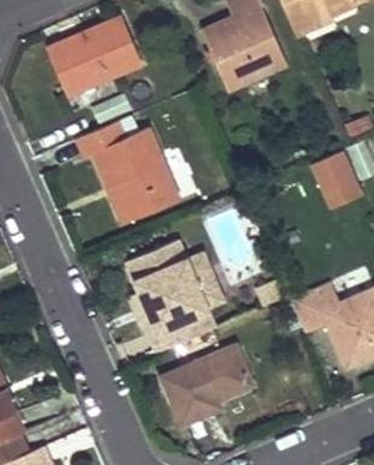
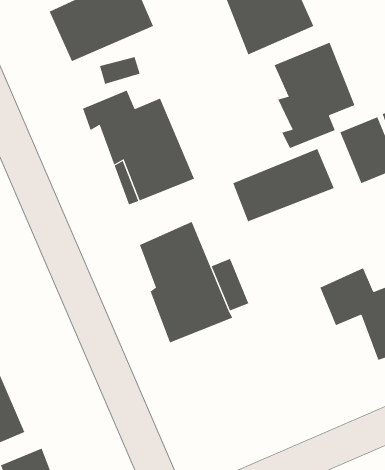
building: none -> [274,42,355,149]
building: none -> [233,148,335,222]
building: [162,348,253,425] -> none

